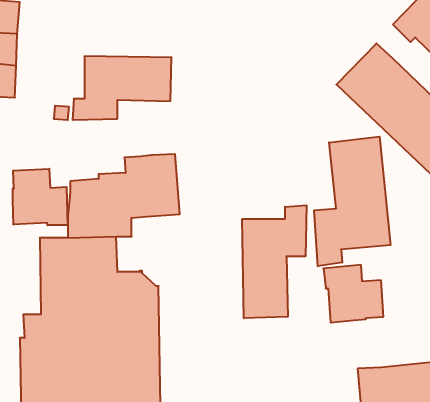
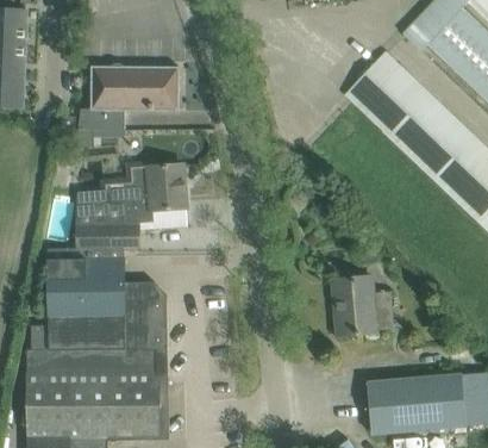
building: [314,137,390,266] -> none
building: [13,169,67,225] -> none
building: [242,205,306,318] -> none

